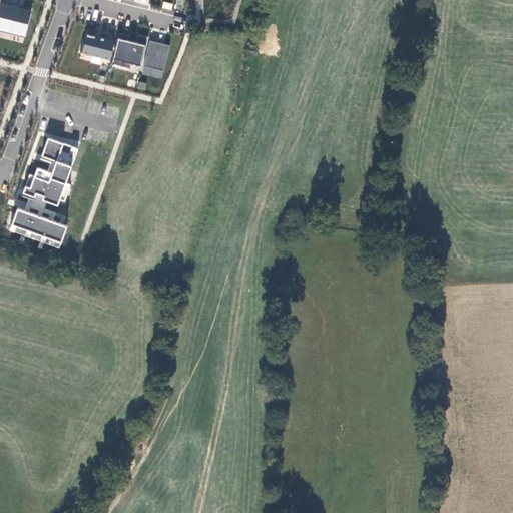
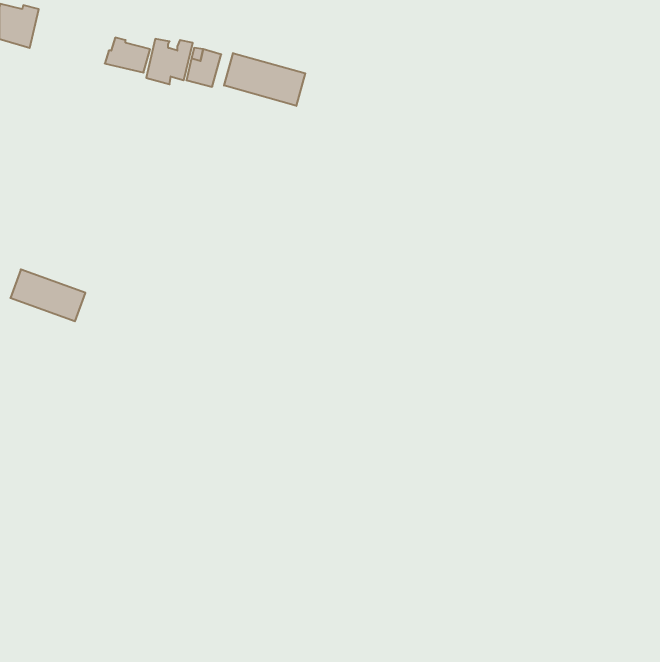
building: none -> [224,53,305,106]
building: [21,138,77,206] -> none

